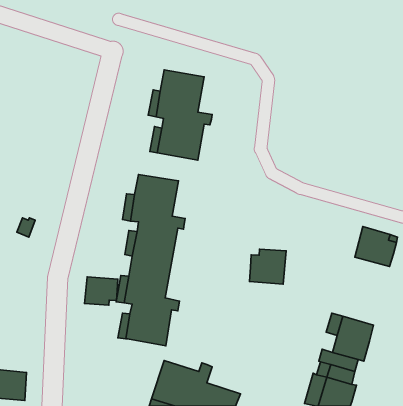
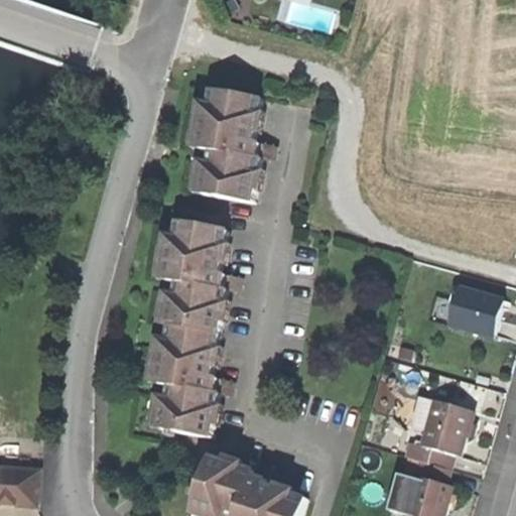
building: [250,249,286,284] -> none
building: [85,277,118,305] -> none

